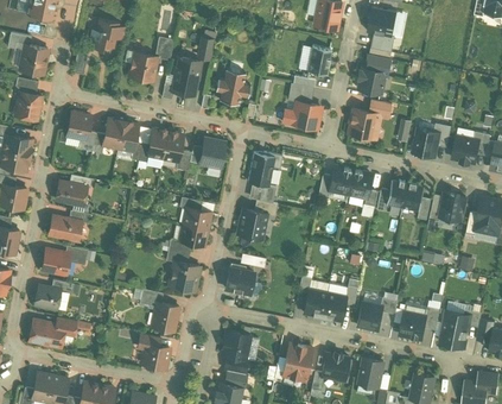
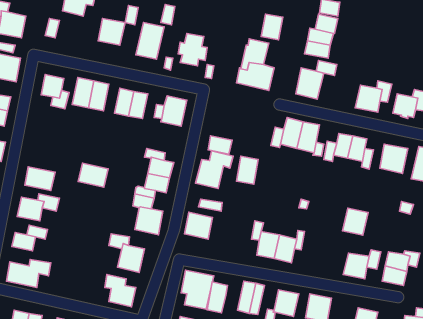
building: [249,152,273,183] -> [237,156,258,184]
building: [56,181,89,207] -> [78,163,108,187]
building: [356,302,385,332] -> [342,208,368,235]
building: none -> [207,282,228,313]

